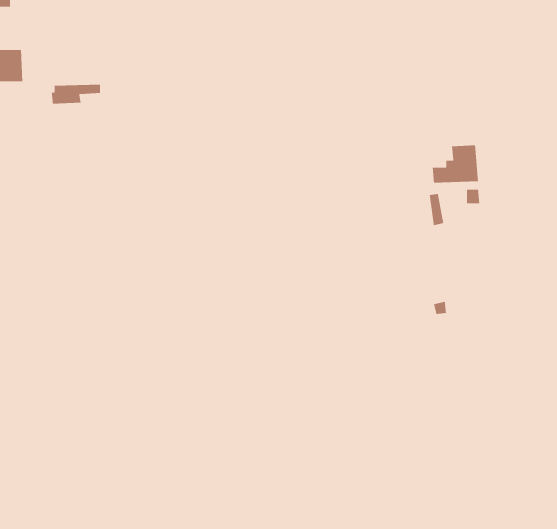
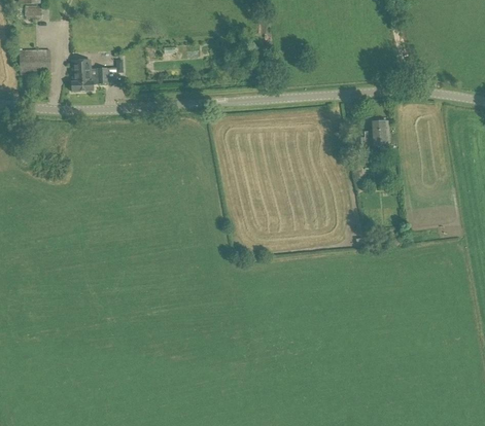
building: none -> [72,59,108,75]

